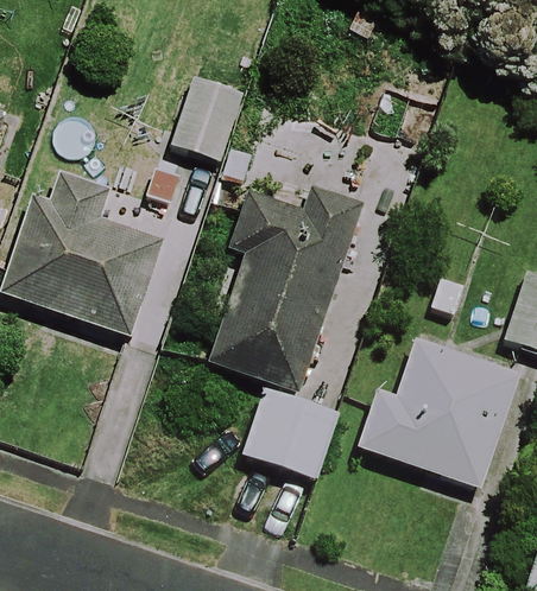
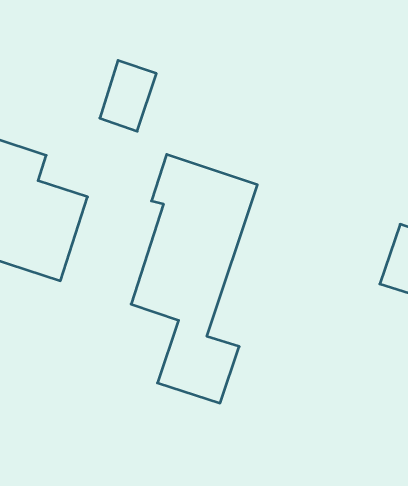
building: [358,338,518,488] -> none

